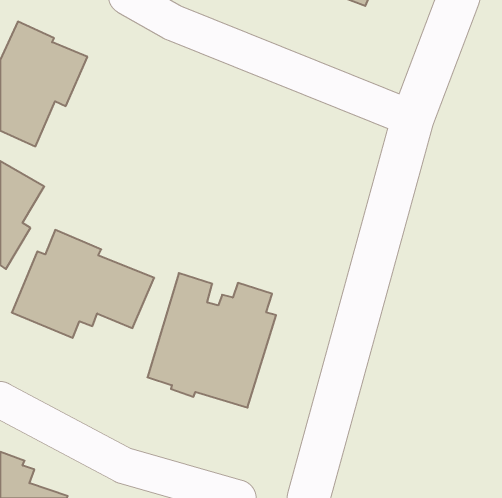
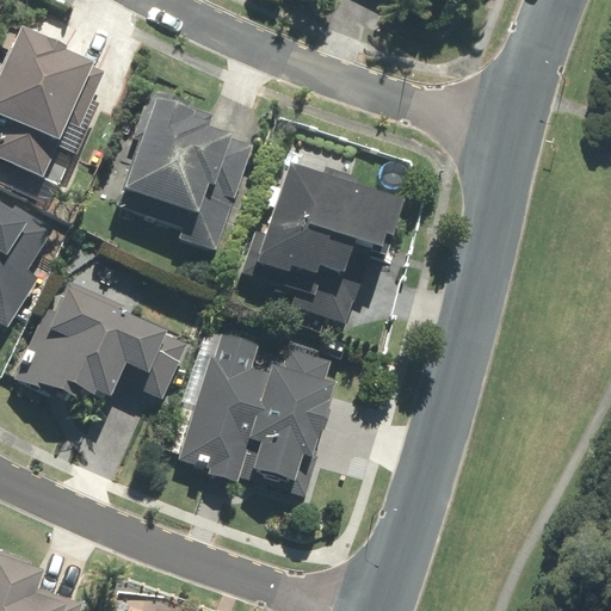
building: none -> [112,88,251,248]
building: none -> [237,162,401,323]

